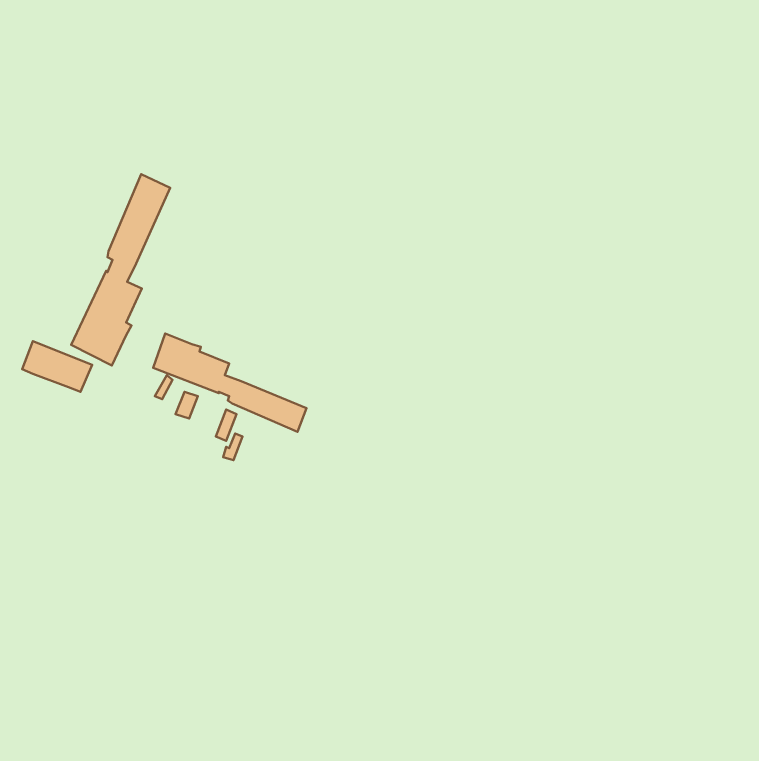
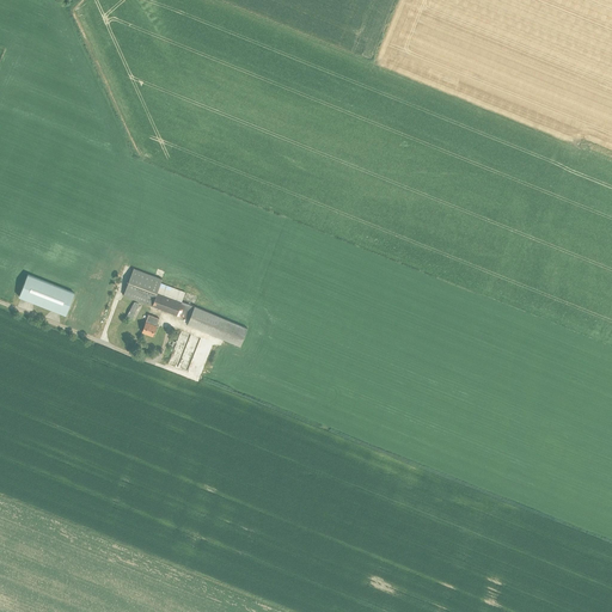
building: [71,174,170,365] -> none

